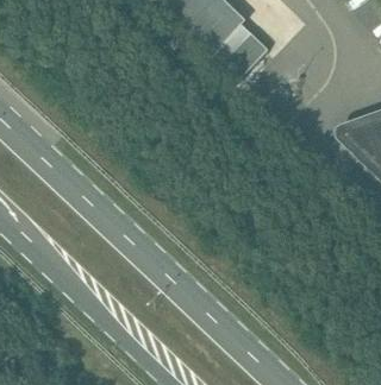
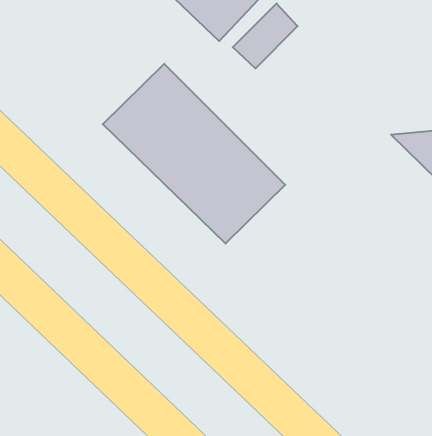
building: none -> [103,64,285,244]

